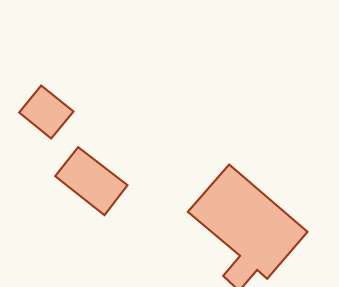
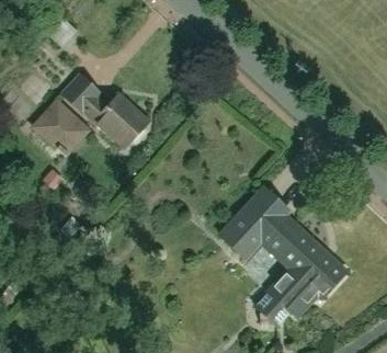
building: [55,147,128,215] -> [72,73,151,148]

